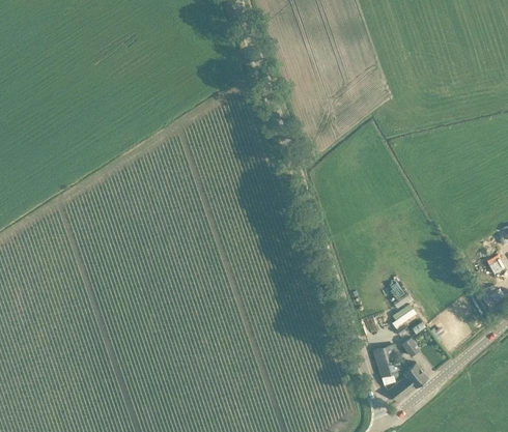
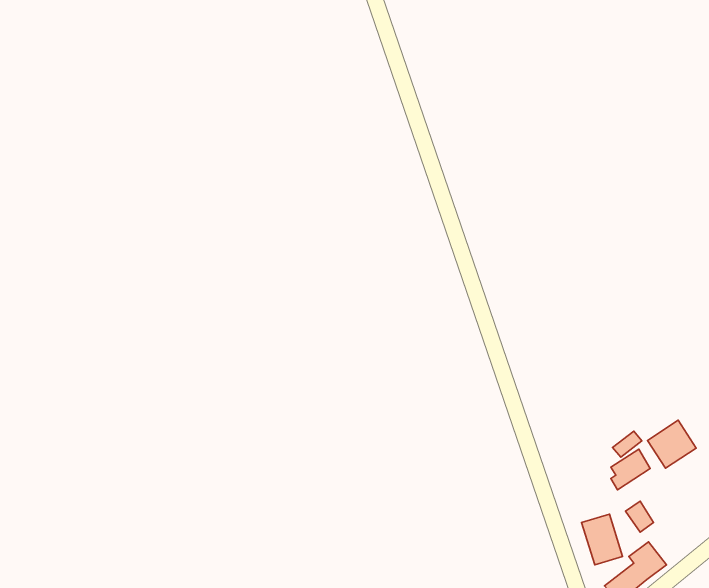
building: none -> [647,420,696,468]

